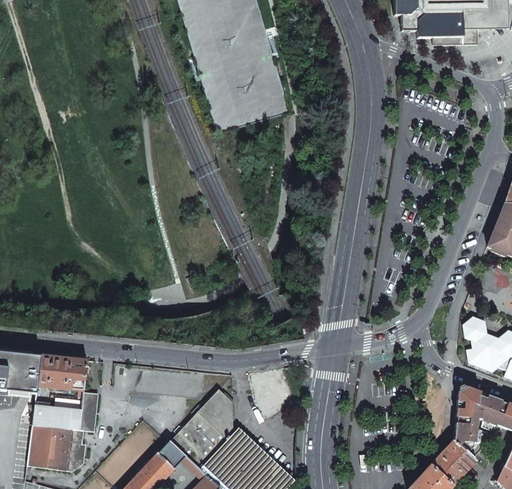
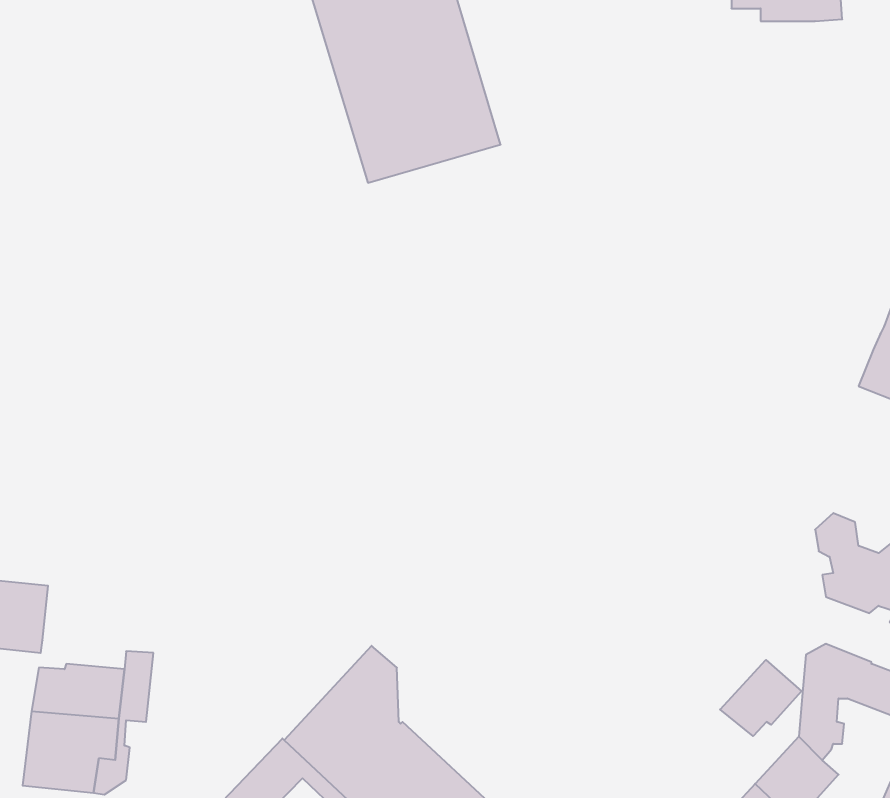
building: [38,354,87,401] -> none
building: none -> [720,660,801,736]

